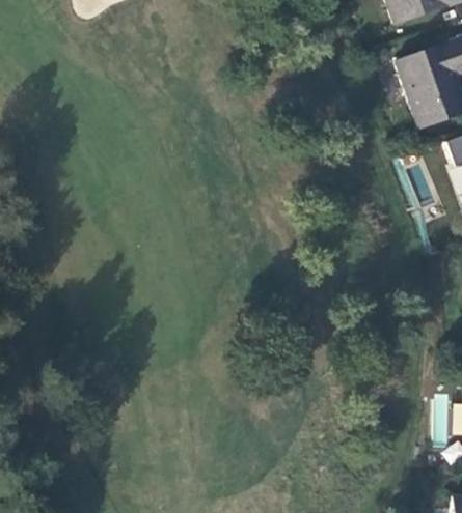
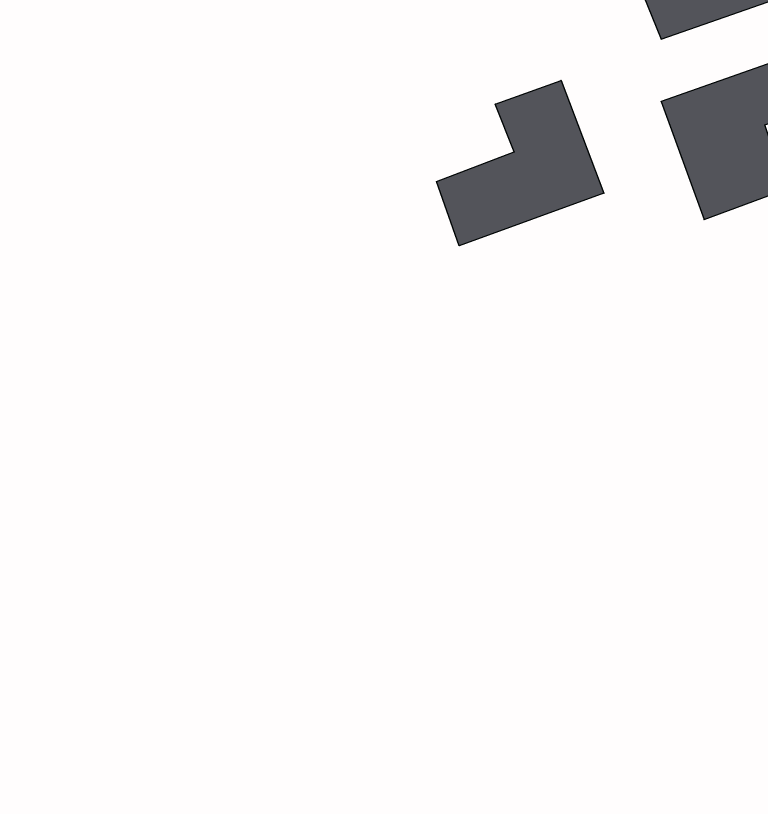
building: none -> [437,80,604,246]

